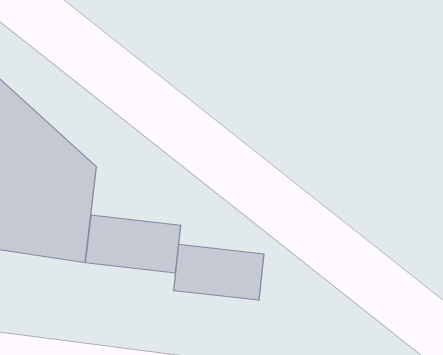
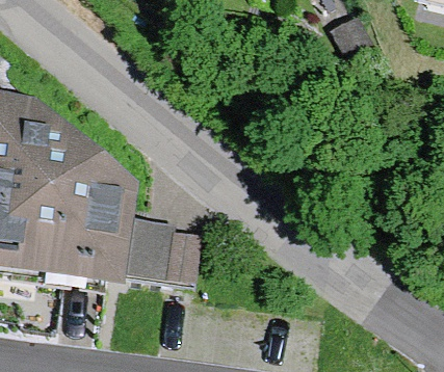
building: [174,244,264,300] -> none

